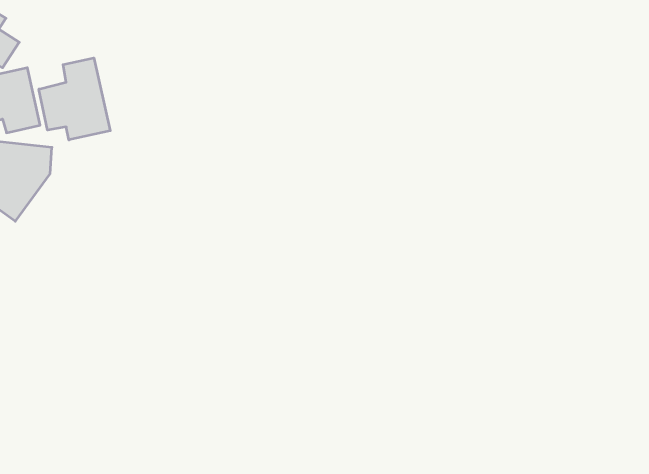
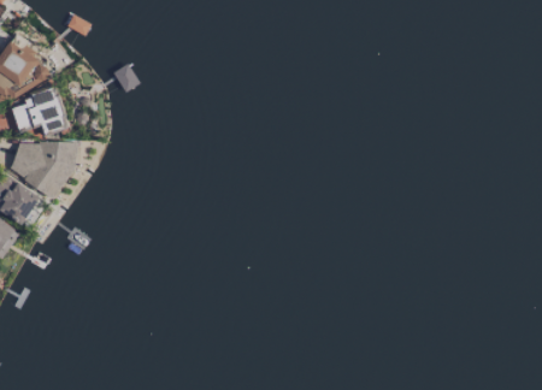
building: [39,58,110,140] -> none

